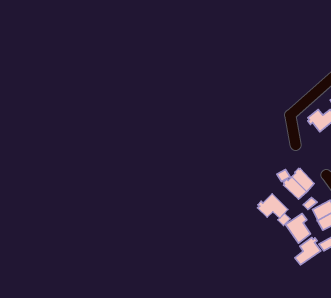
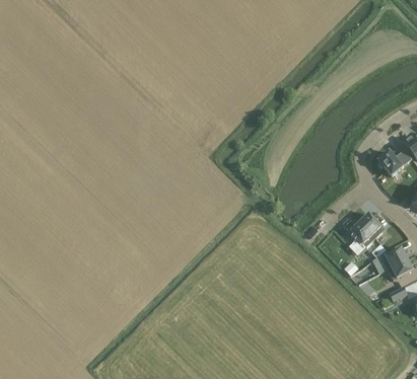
building: [257,194,288,218] -> none
building: [295,237,321,265] -> none

